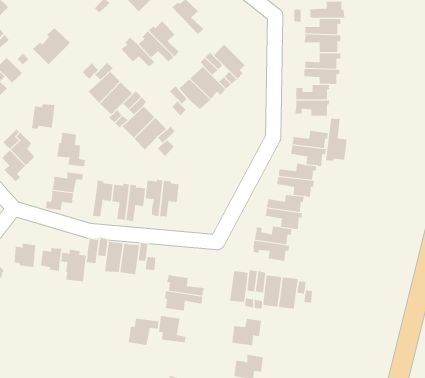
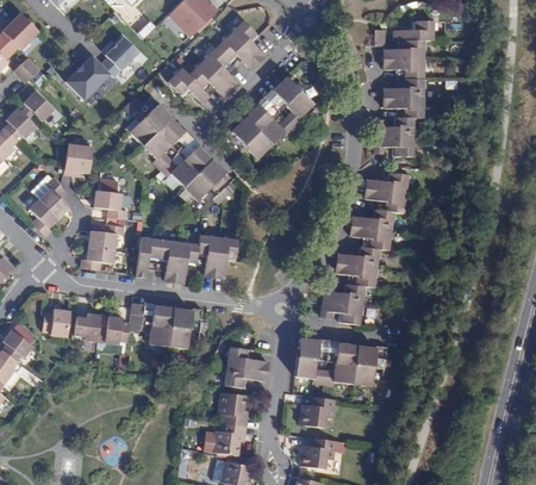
building: none -> [217,31,258,68]
building: none -> [100,36,138,76]
building: [326,117,347,162] -> none
building: [128,318,160,346] -> [207,421,244,453]

